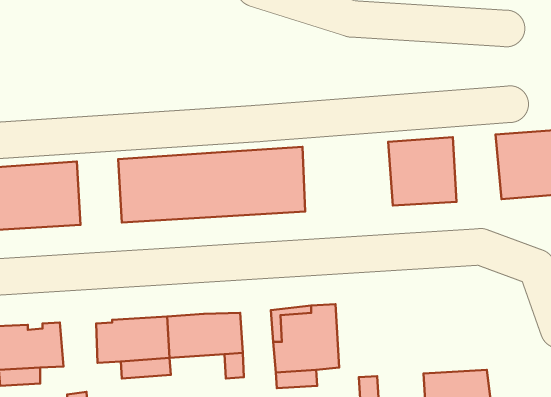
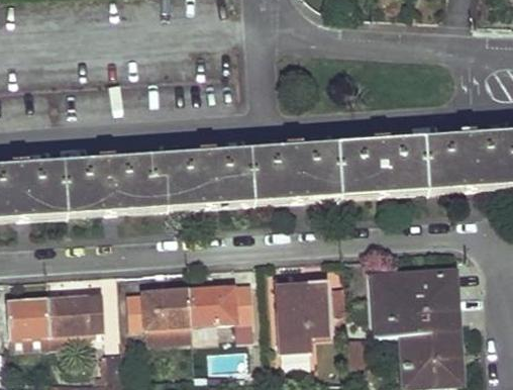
building: none -> [424,136,465,192]
building: none -> [300,142,375,200]
building: none -> [113,157,150,211]
building: none -> [373,262,454,334]

